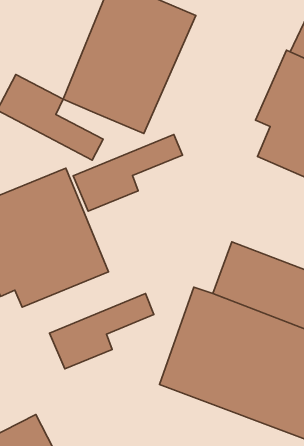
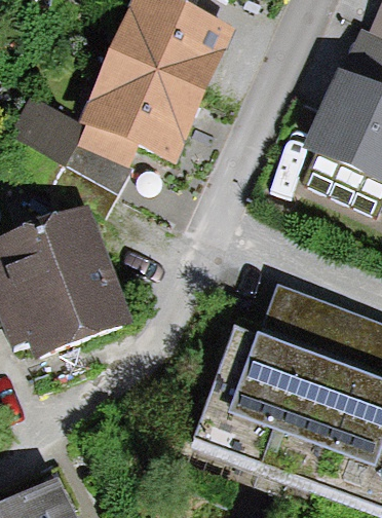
building: [73,134,182,211] -> none
building: [50,294,154,369] -> none

